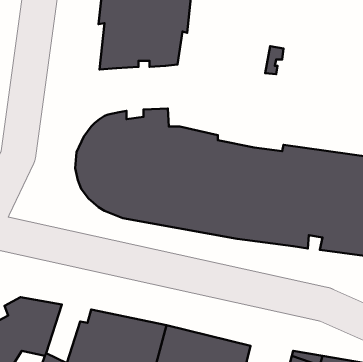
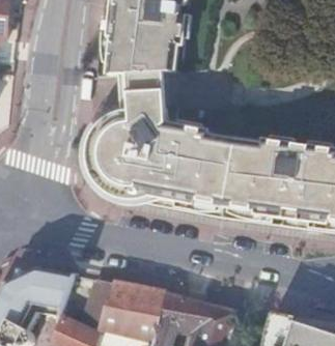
building: none -> [122,71,166,111]

